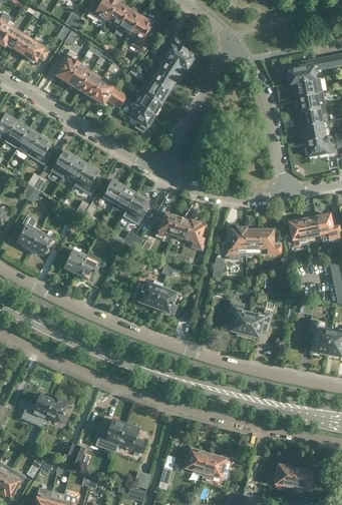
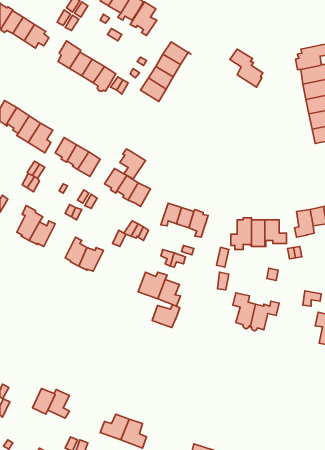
building: [160,31,193,68] -> [230,49,263,87]
building: [130,103,155,132] -> [120,149,146,179]
building: none -> [152,305,180,327]

